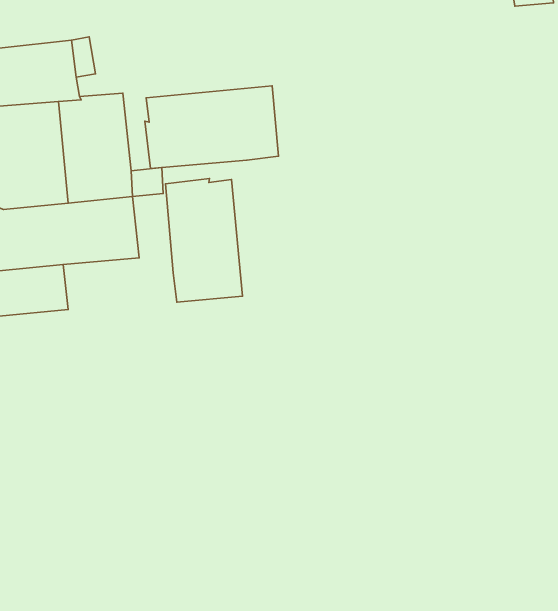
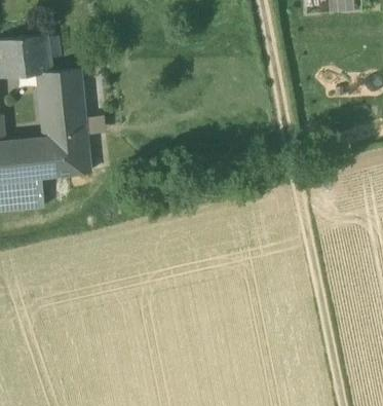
building: [145,86,279,169] -> none
building: [166,178,243,302] -> none

